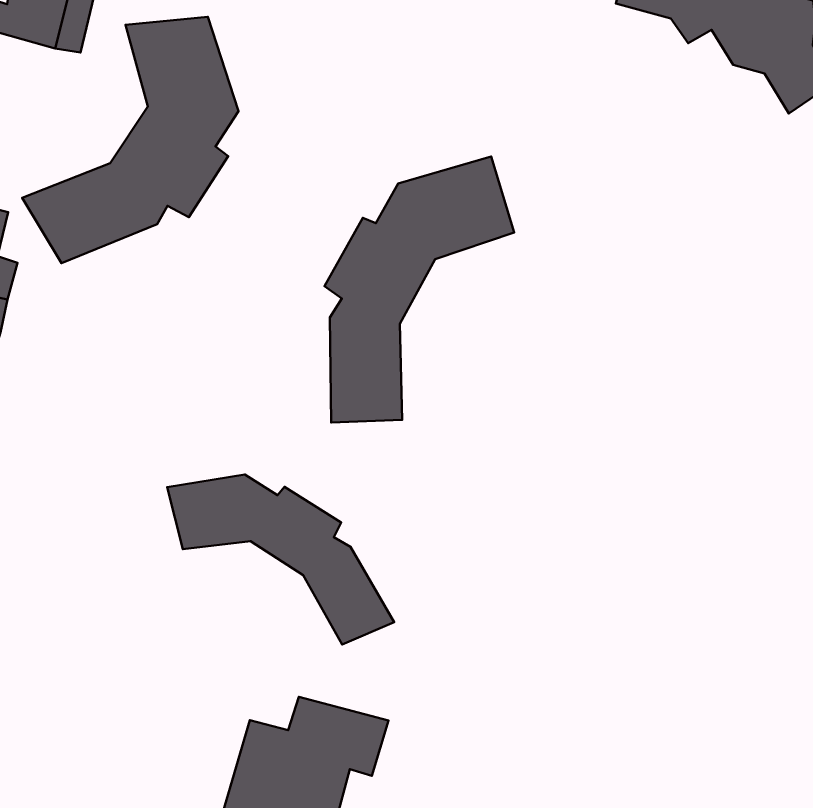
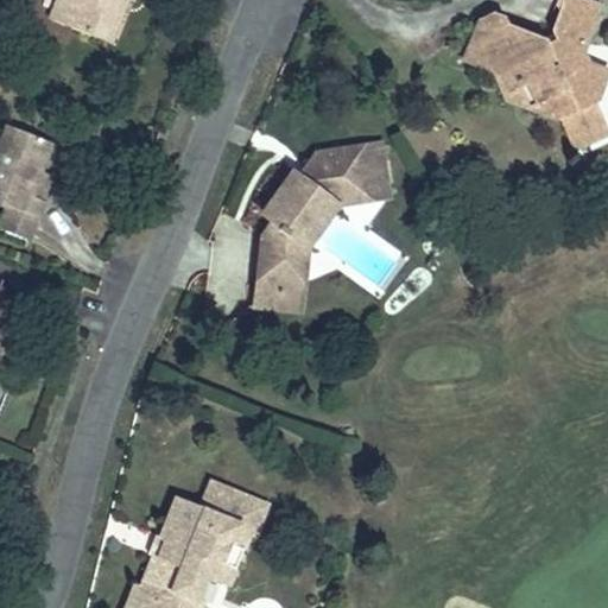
building: [22,17,238,263] -> none
building: [167,474,394,644] -> none

